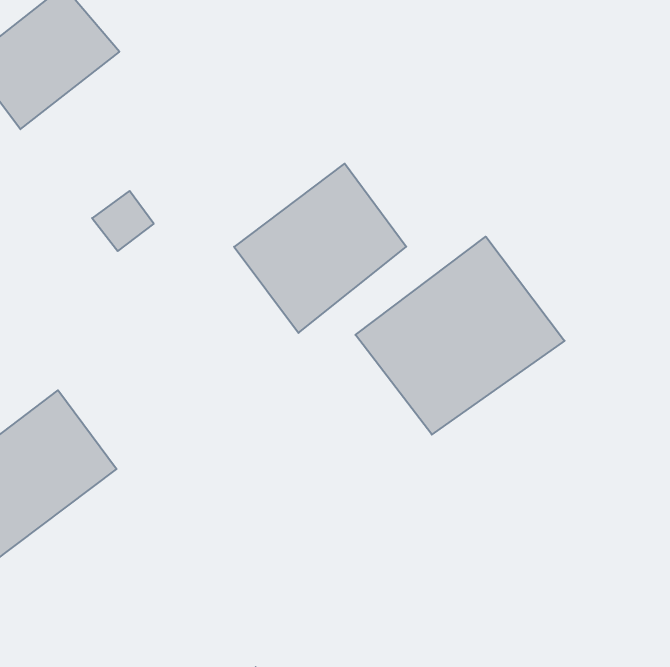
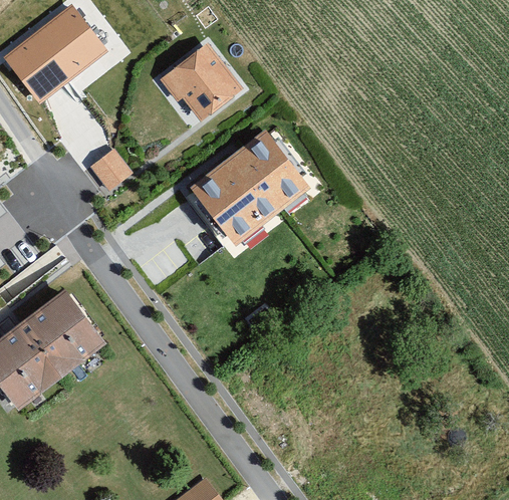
building: none -> [161,43,242,123]
building: [355,237,565,435] -> none

